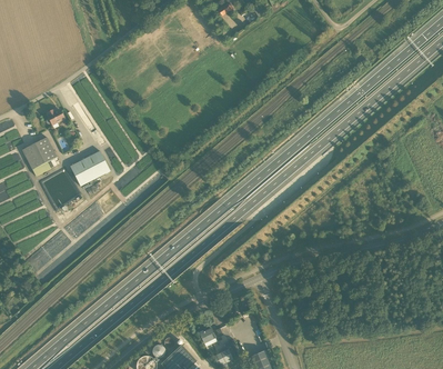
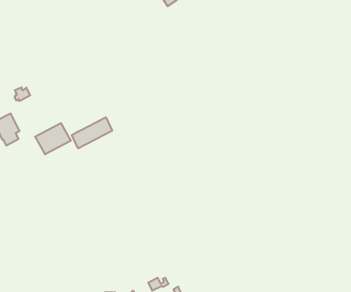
building: none -> [72,117,112,148]

